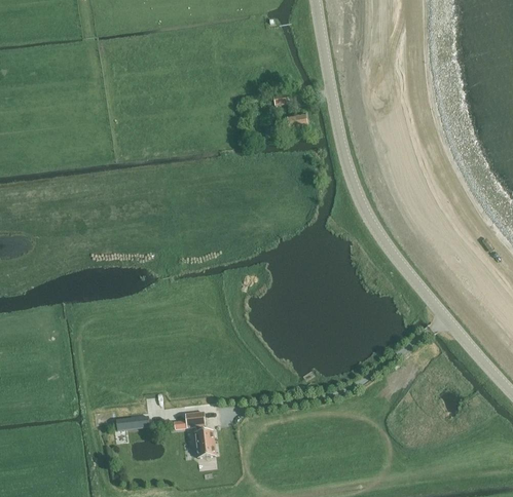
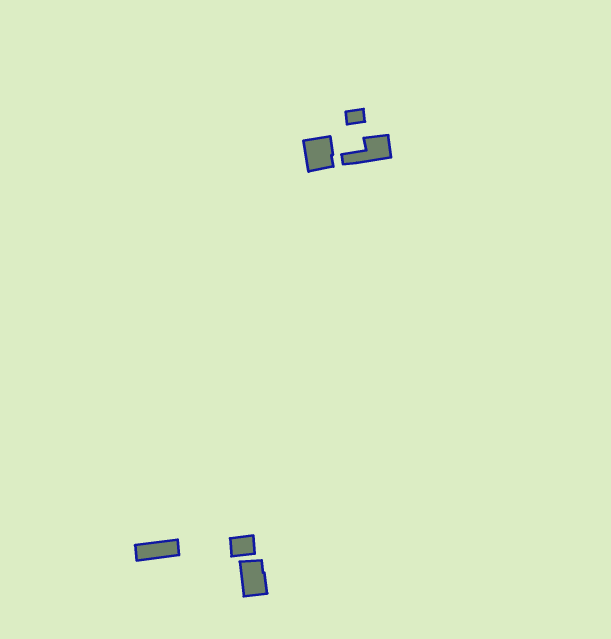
building: none -> [304,136,333,172]

